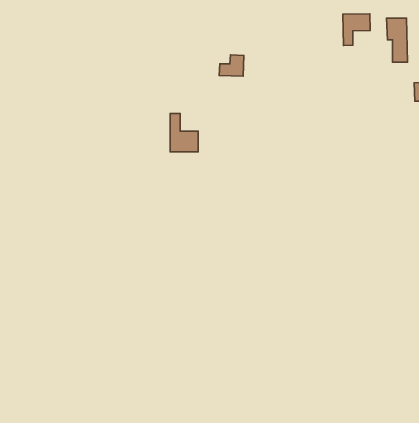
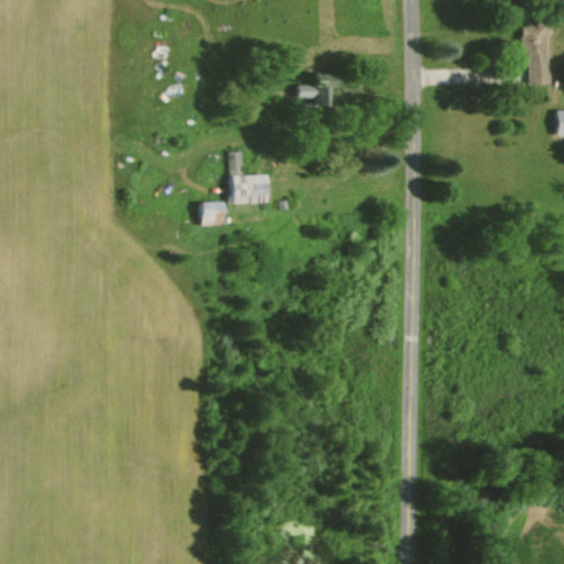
building: [343,14,370,45] -> none
building: none -> [202,202,224,226]

